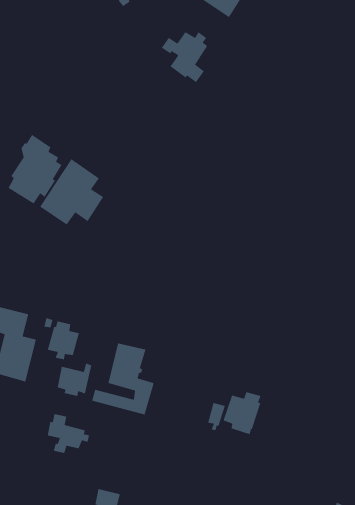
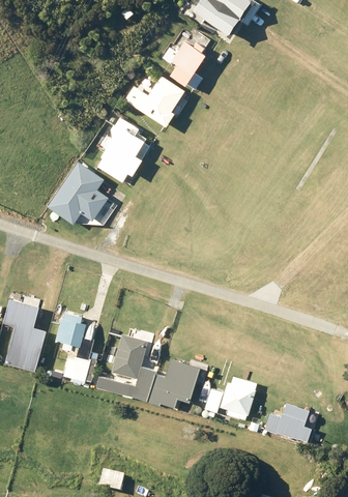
building: none -> [123,75,184,126]
building: [7,134,63,205] -> [97,116,149,182]
building: none -> [147,359,199,407]
building: [47,413,90,454] -> none
building: none -> [265,400,313,446]

